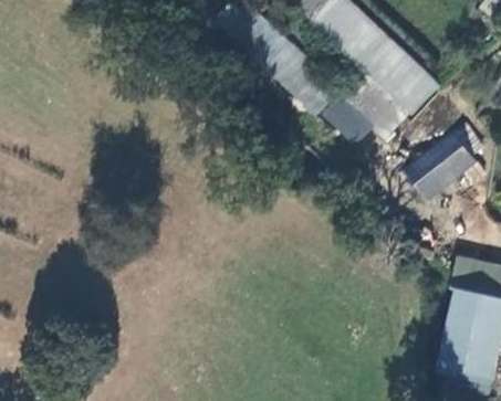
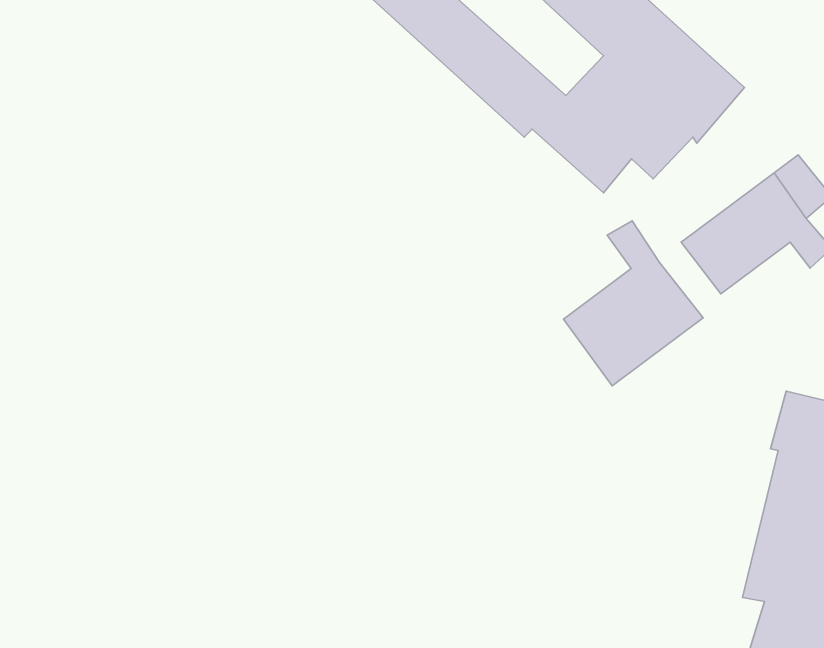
building: none -> [564,221,703,386]

